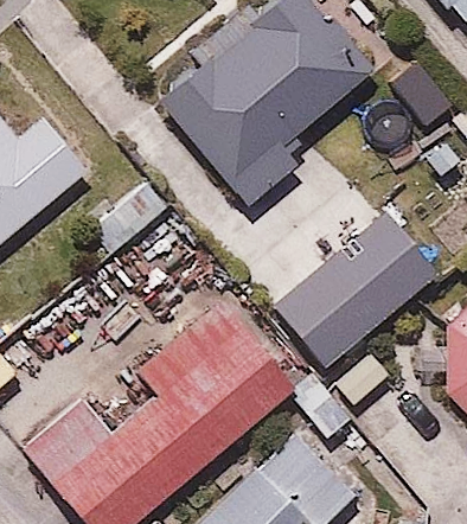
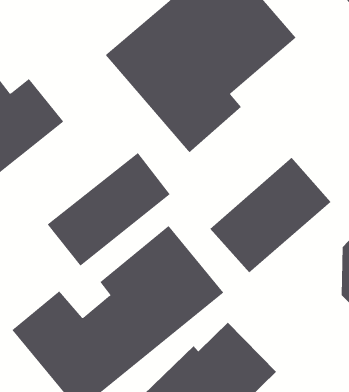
building: none -> [47,152,170,267]

